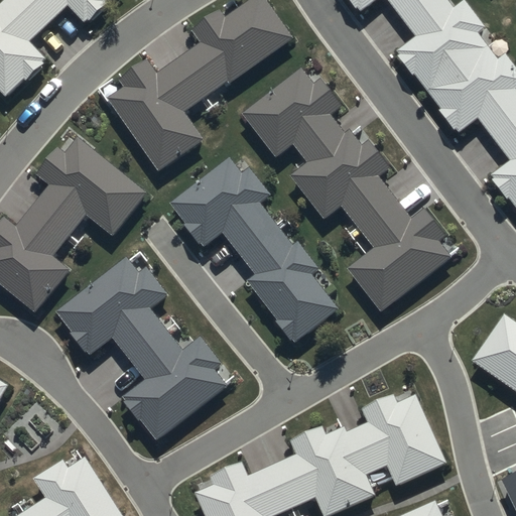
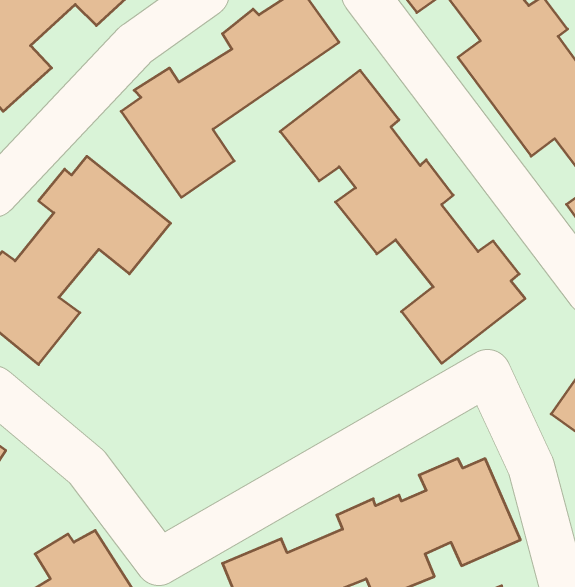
building: [169,150,338,343] -> none
building: [55,251,228,440] -> none

